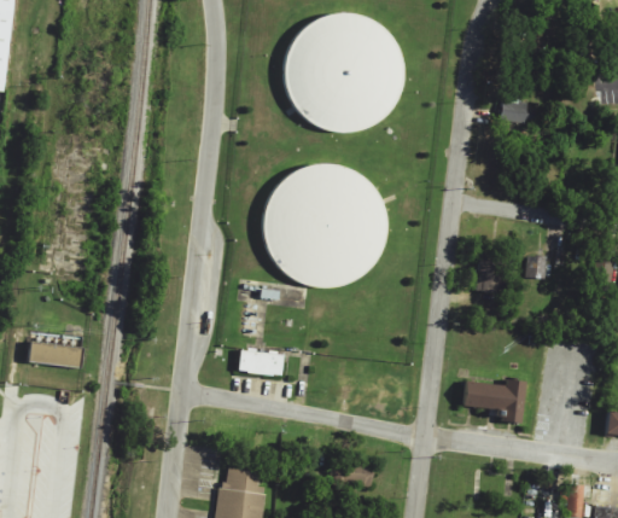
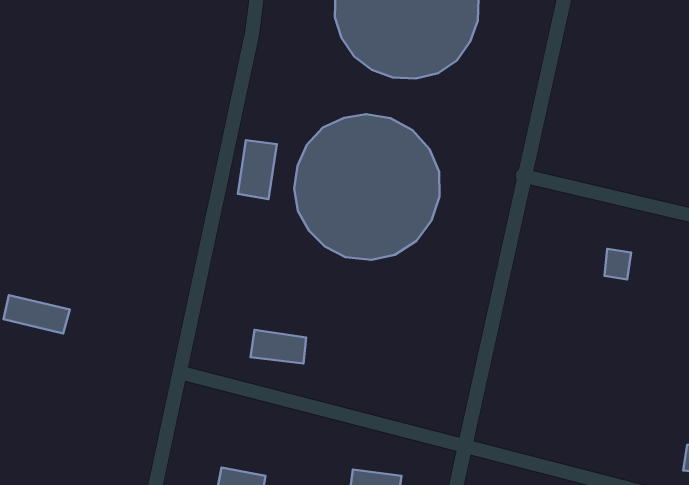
building: [502,94,527,123] -> none
building: none -> [238,140,277,199]
building: [478,255,508,293] -> none
building: [465,379,527,424] -> none

